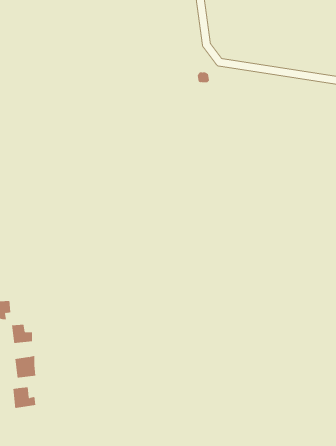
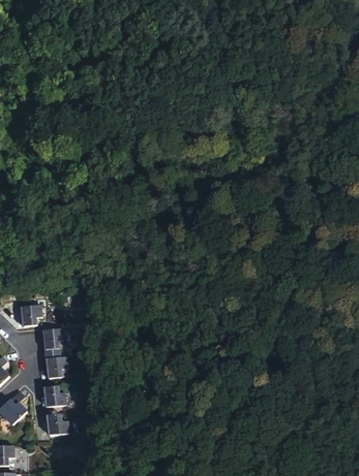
building: none -> [43,413,66,435]

